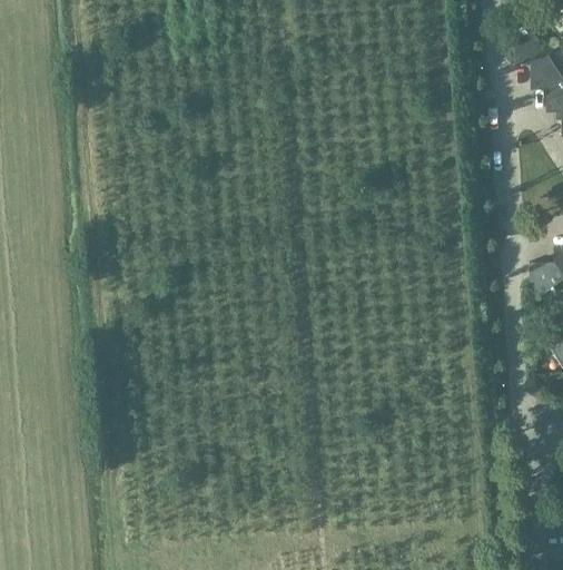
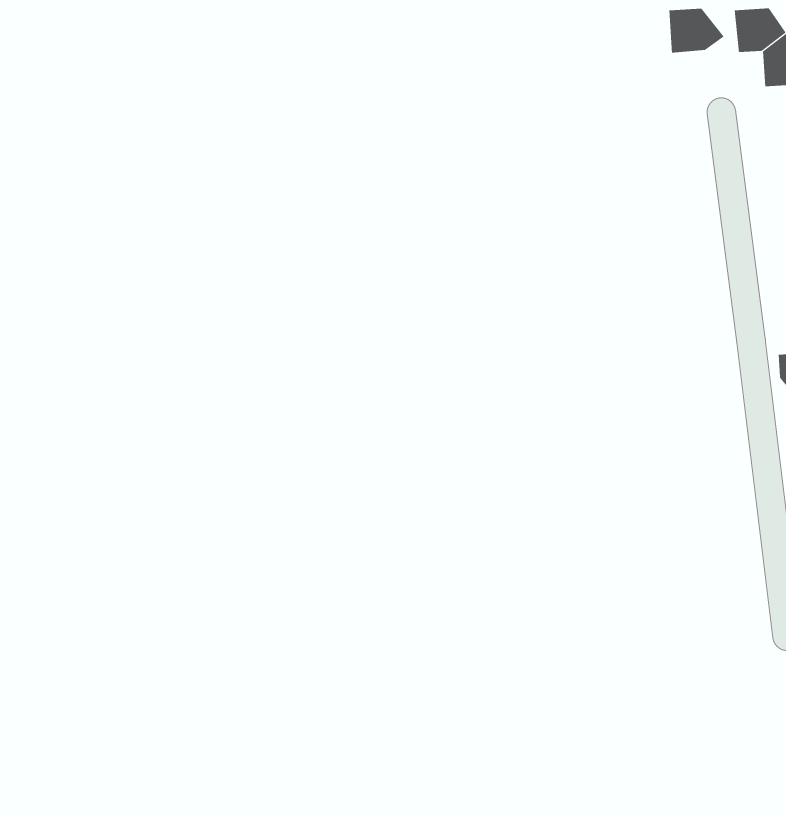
building: none -> [669,8,724,54]

